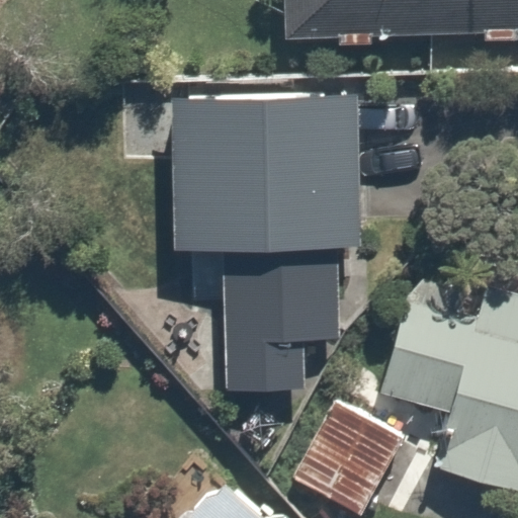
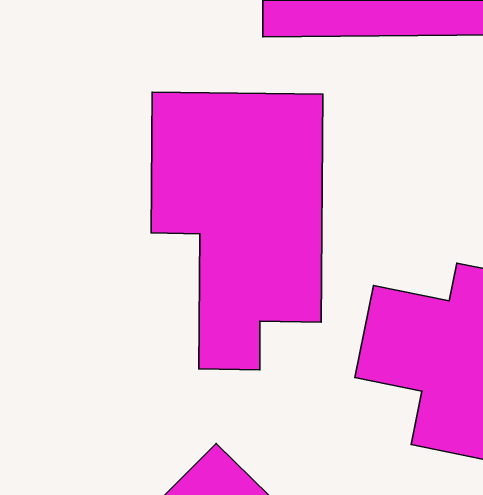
building: [308,400,409,503] -> none

